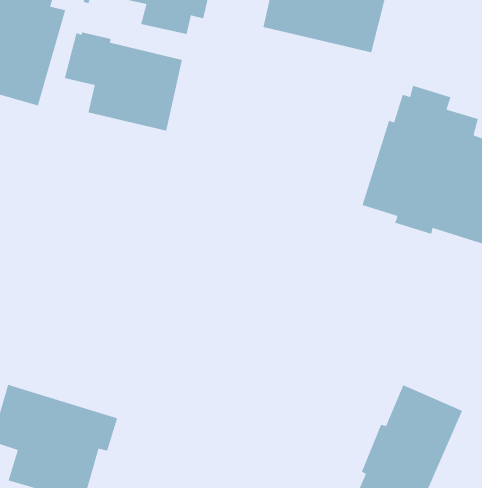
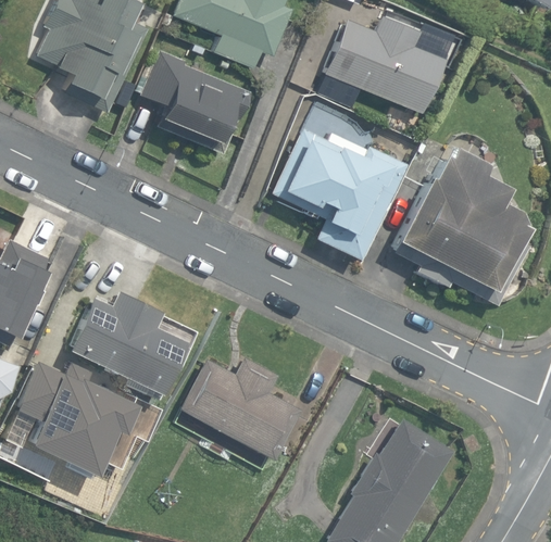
building: none -> [273,129,405,259]
building: none -> [71,291,187,394]
building: none -> [181,357,303,461]

